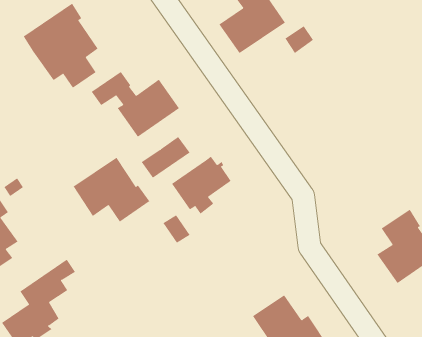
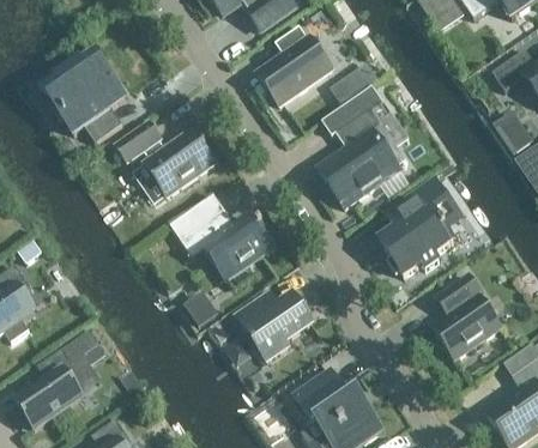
building: none -> [319,85,399,206]
building: none -> [353,180,461,276]
building: [73,157,150,222] -> none
building: none -> [235,295,313,361]

